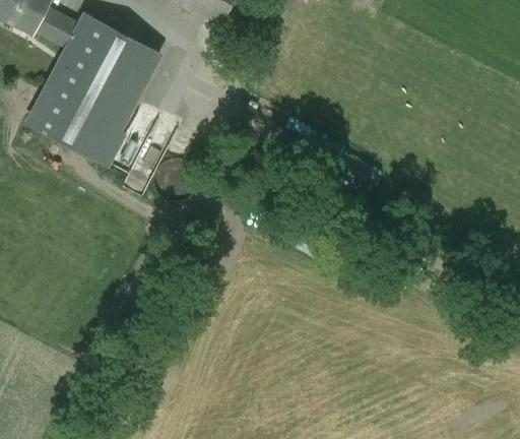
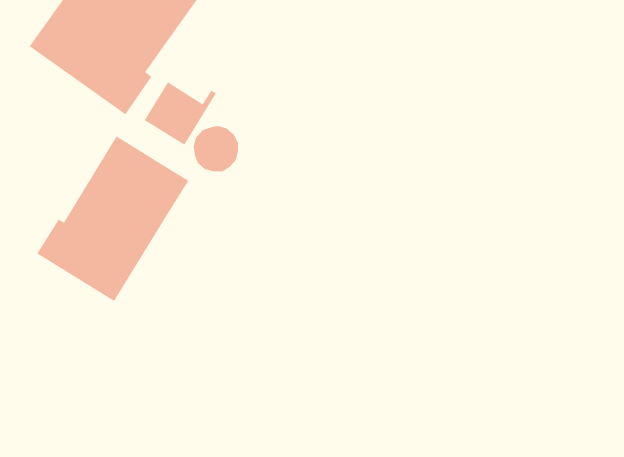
building: none -> [36,135,189,302]

